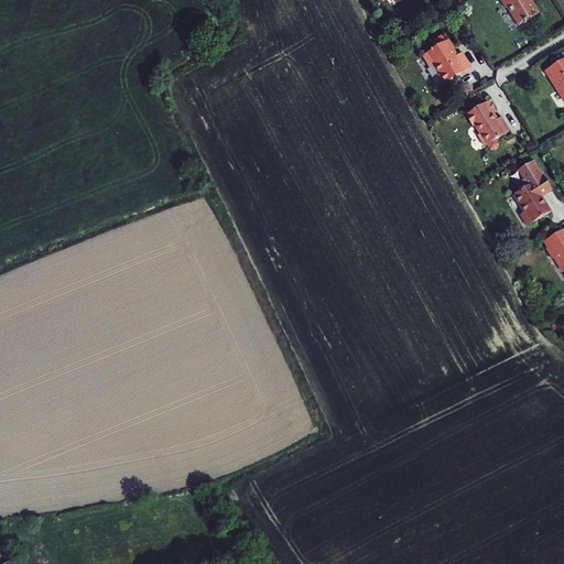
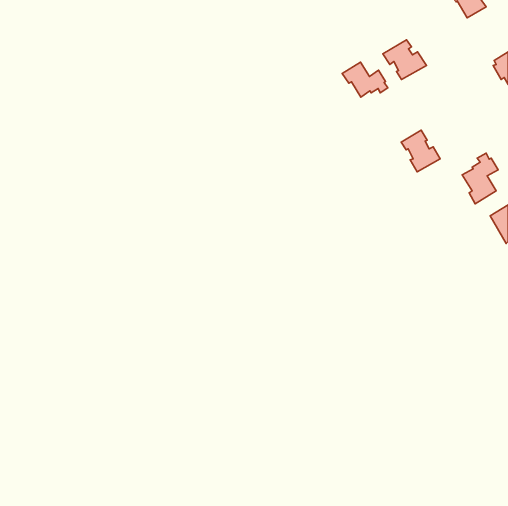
building: none -> [342,62,388,97]
building: [465,95,508,141] -> [401,130,440,172]

